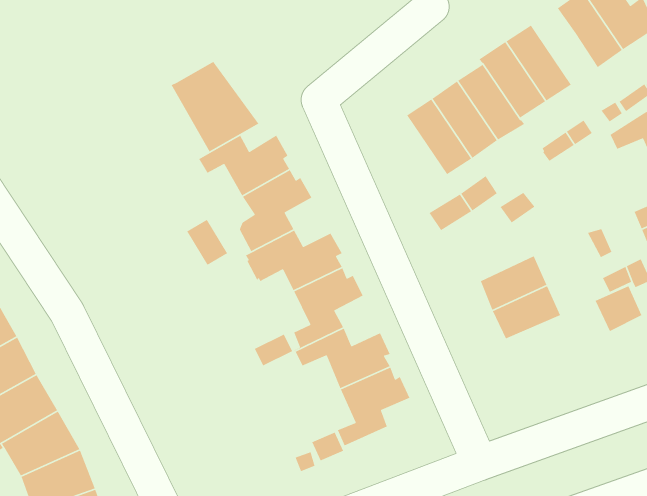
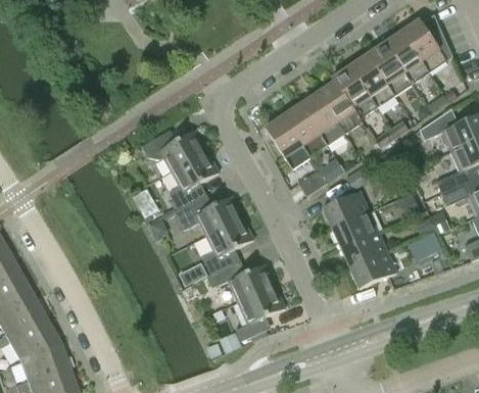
building: none -> [367,43,412,95]
building: [171,61,259,152] -> none
building: none -> [265,115,309,168]
building: none -> [322,190,369,228]
building: none -> [349,251,396,288]

